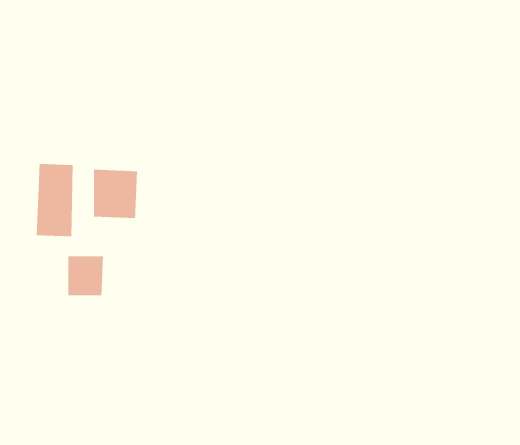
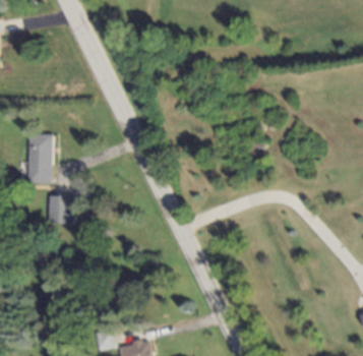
building: [93,169,138,219] -> none

